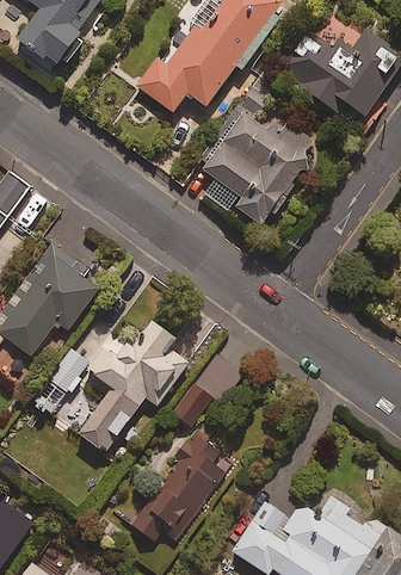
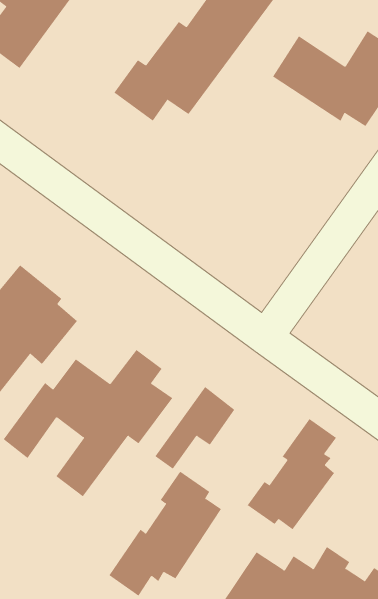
building: [198,111,311,228] -> none
building: none -> [247,418,337,530]

